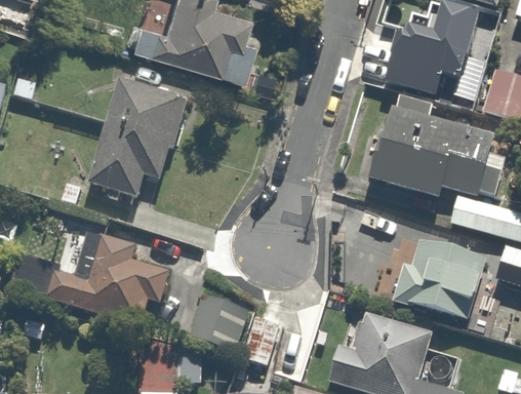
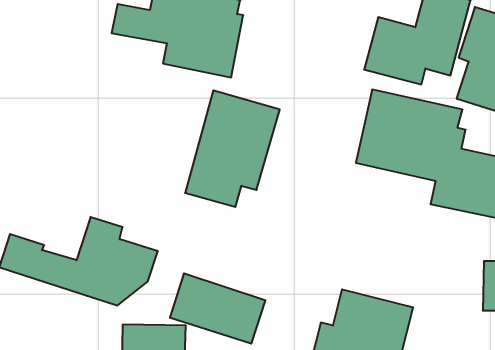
building: [87,79,184,198] -> [185,90,280,207]
building: [390,239,491,322] -> none

